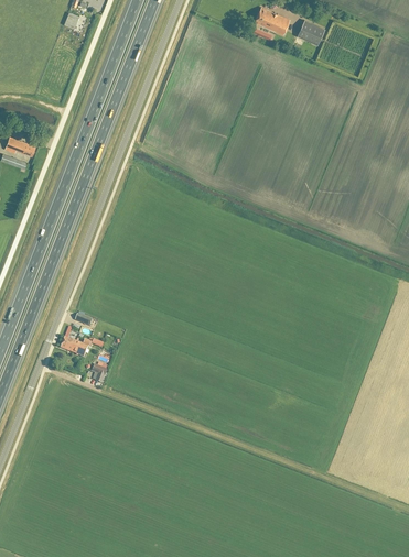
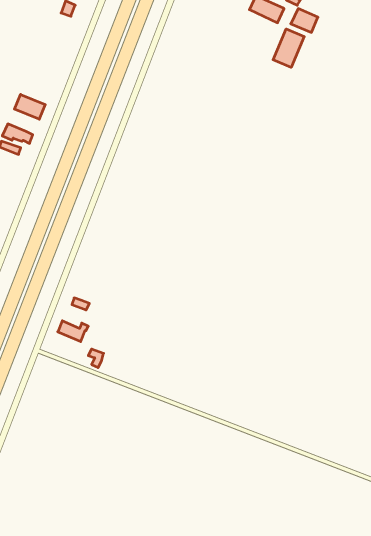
building: none -> [273,29,304,67]
building: none -> [14,94,45,119]

